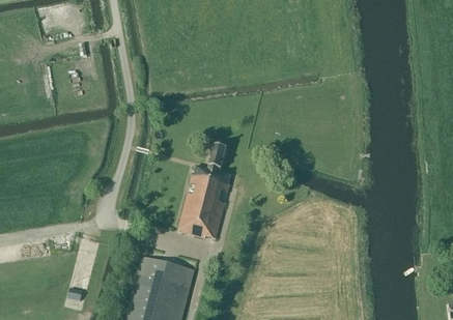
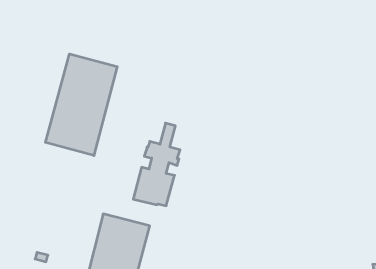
building: none -> [45,54,117,156]

